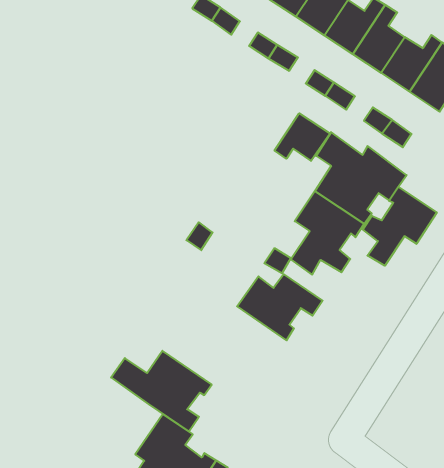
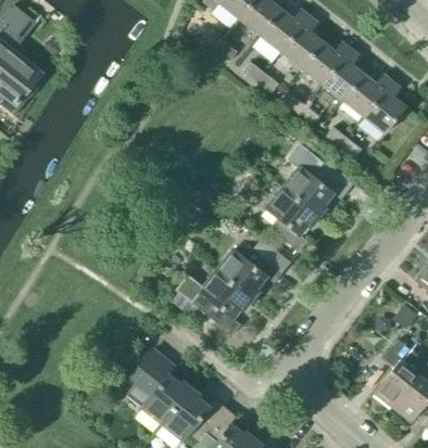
building: [275,113,330,161] -> none
building: [363,187,437,266] -> none
building: [111,351,212,432] -> [176,270,253,334]

